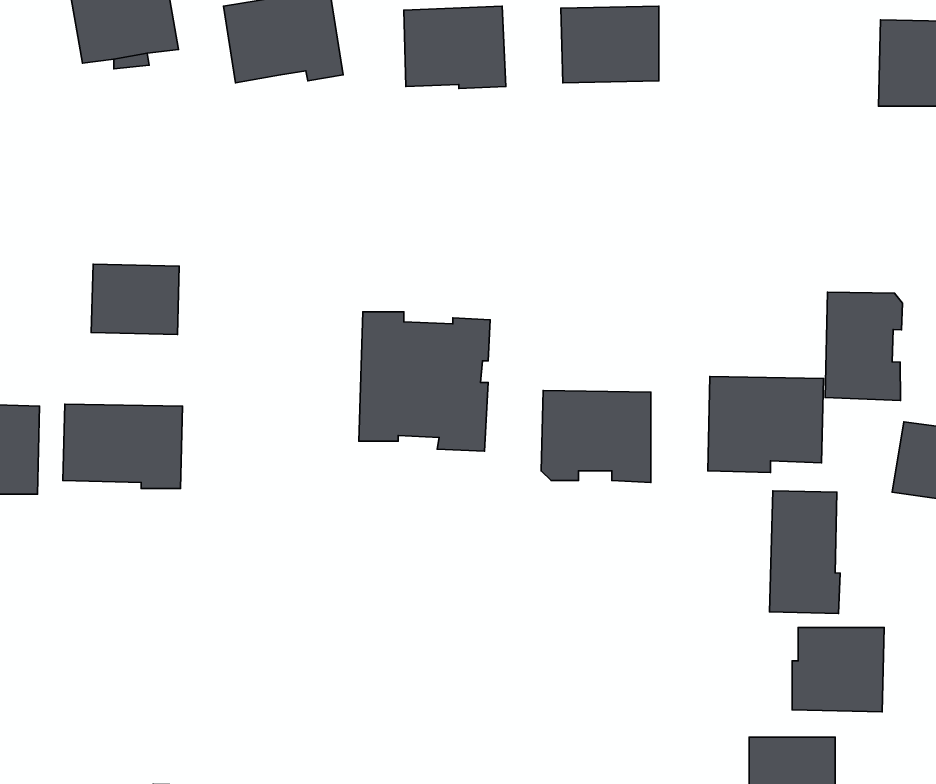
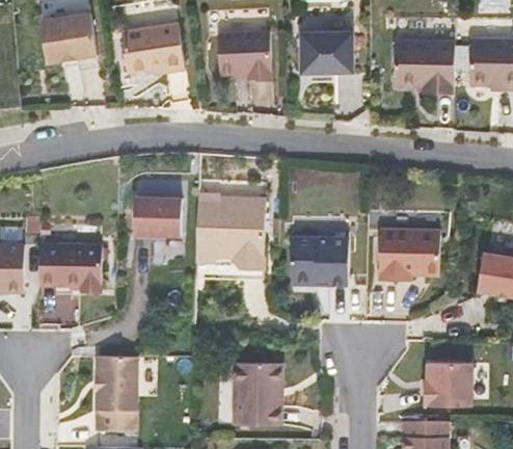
building: none -> [392,43,452,96]
building: [91,264,179,335] -> [133,197,180,235]
building: [825,292,902,401] -> none
building: [770,491,840,613] -> none
building: none -> [95,356,135,430]
building: none -> [234,363,282,425]

